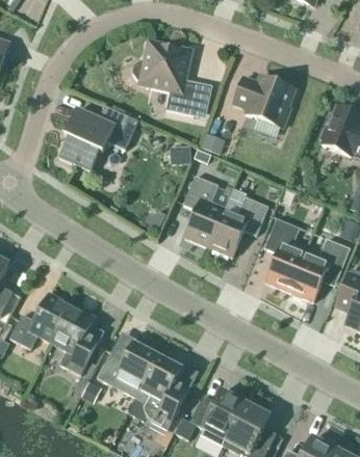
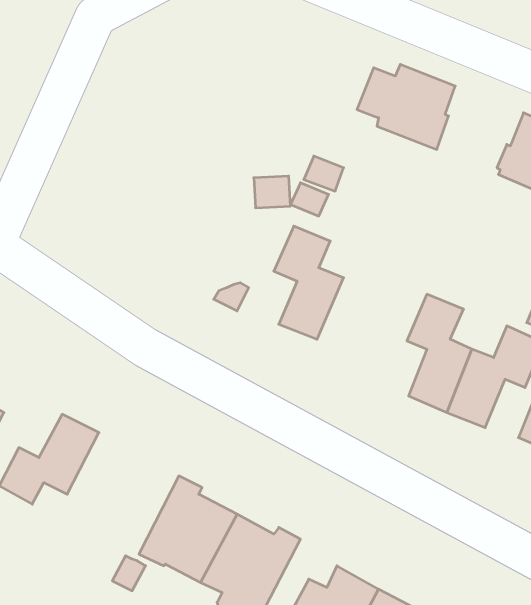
building: [132,42,212,117] -> none
building: [60,105,137,169] -> none
building: [208,196,267,257] -> none
building: [52,304,95,375] -> none

